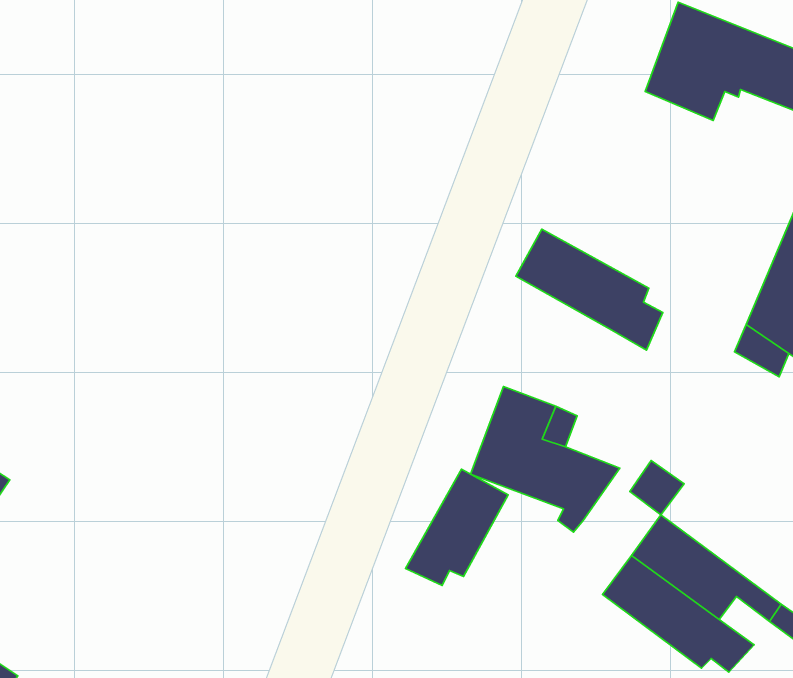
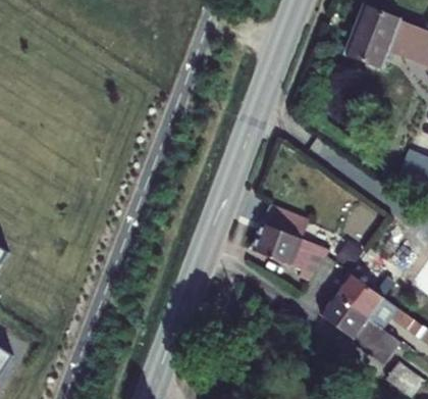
building: [516,229,663,350] -> none
building: [405,469,508,585] -> none

